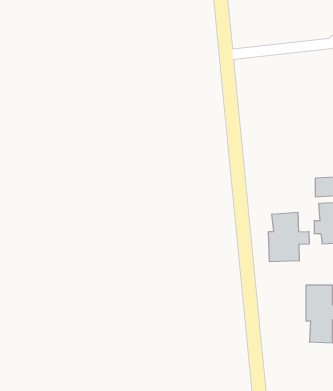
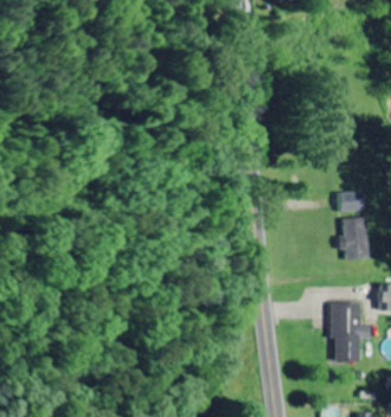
building: [269,212,309,262] -> none

